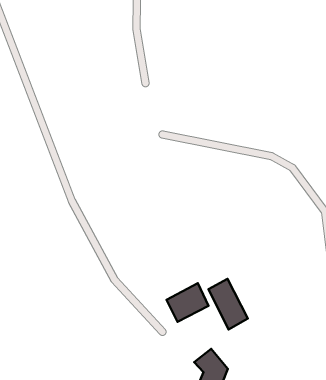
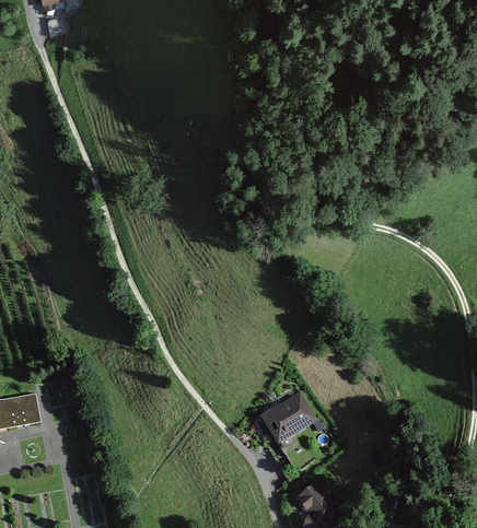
building: [208,279,248,330] -> none

